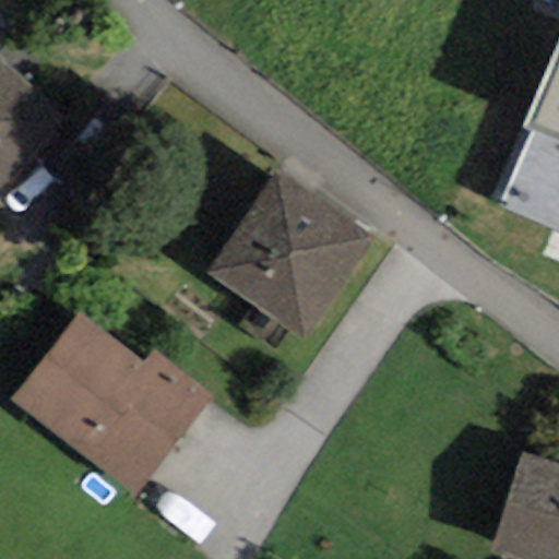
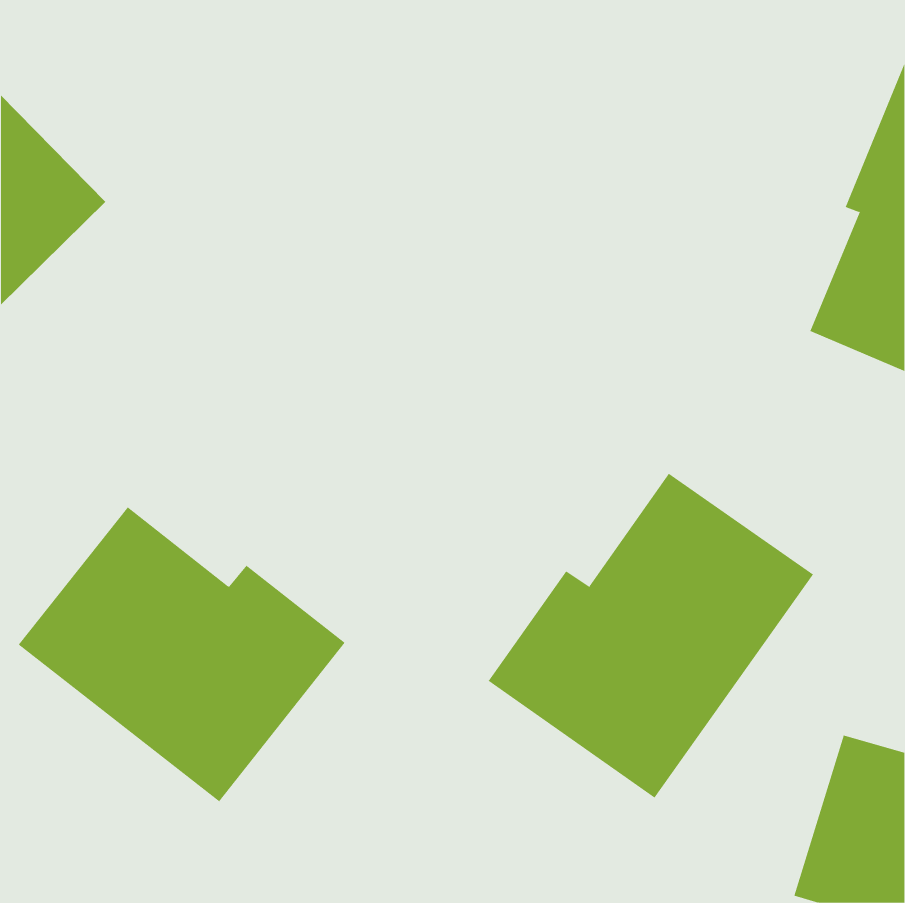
building: [209,173,372,337] -> none
building: none -> [488,473,814,798]

